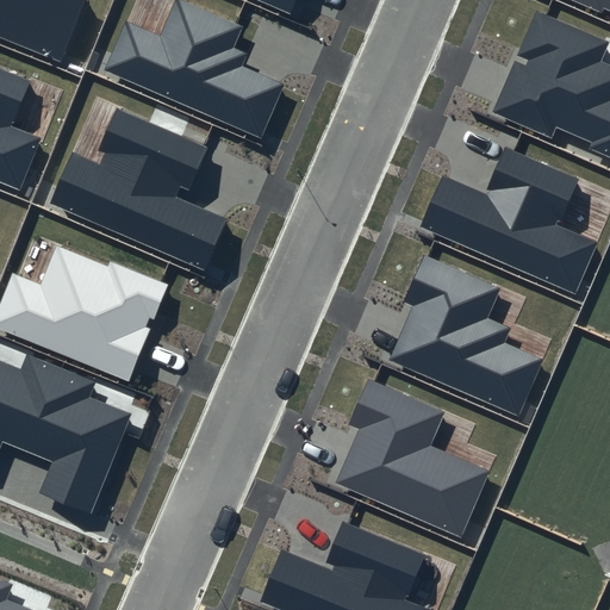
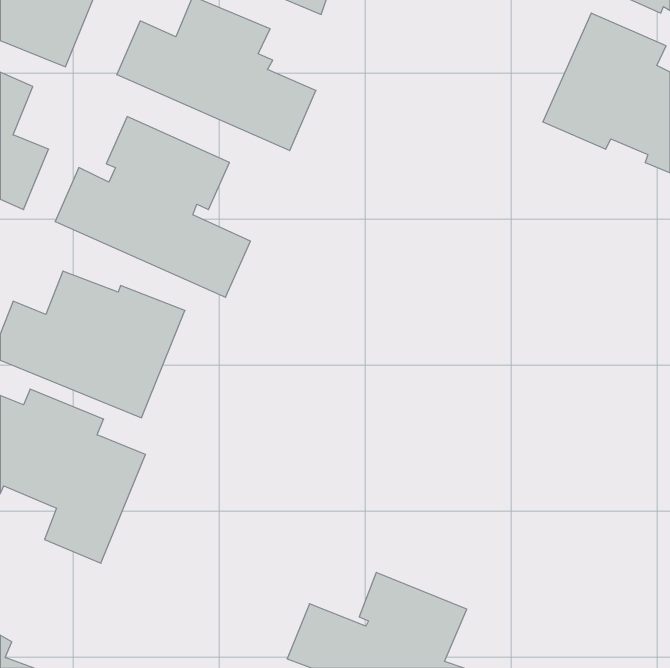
building: [421,145,597,293] -> none
building: [387,254,543,417] -> none
building: [335,379,488,536] -> none

